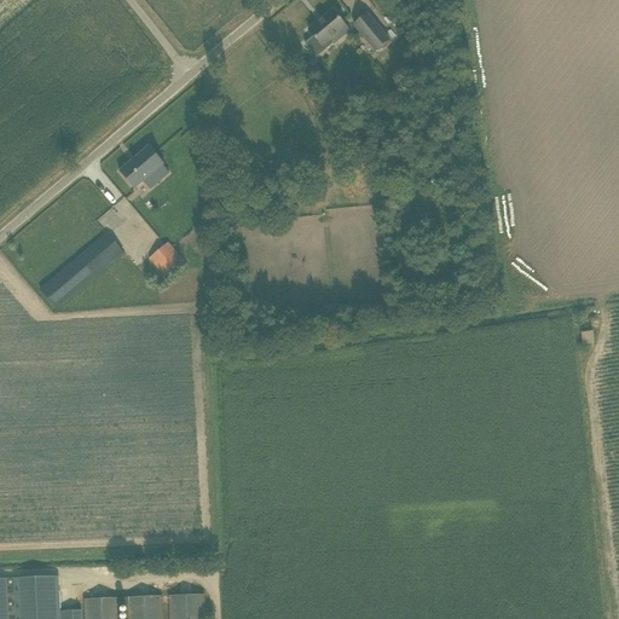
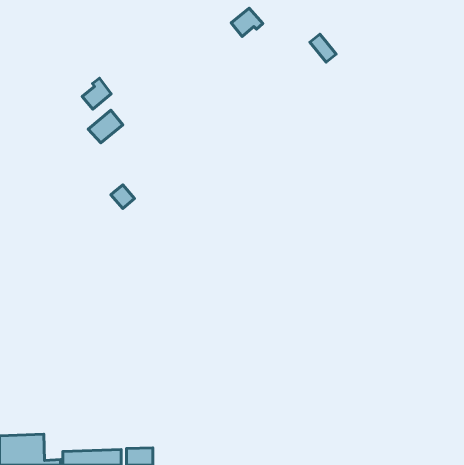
building: [353,15,388,52] -> [310,34,336,62]
building: none -> [82,78,111,109]
building: [40,233,122,308] -> none

